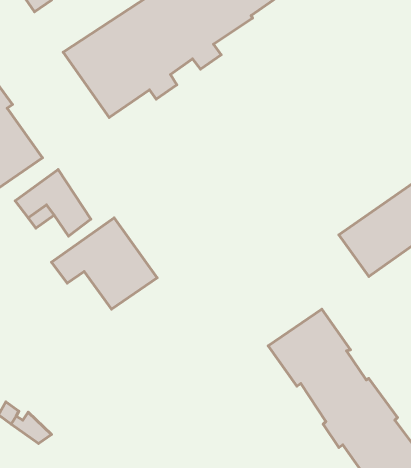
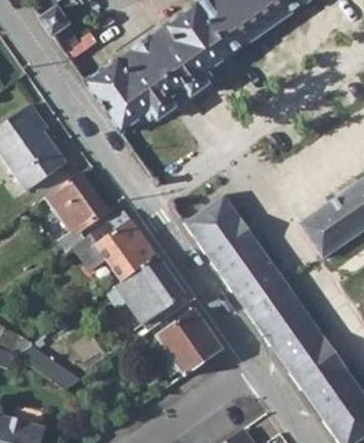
building: none -> [184,194,287,311]
building: none -> [117,258,185,325]
building: none -> [158,310,222,374]

